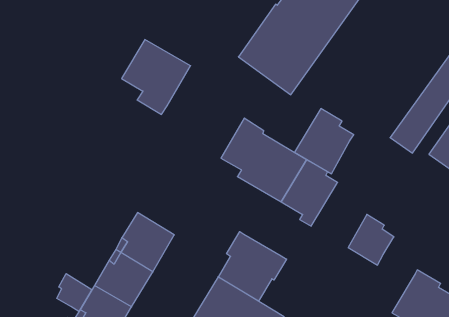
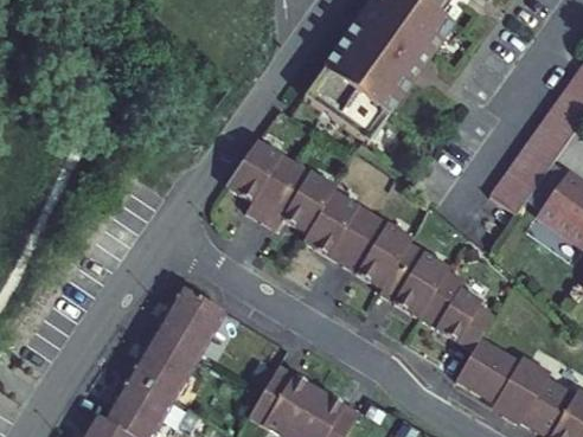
building: [122,40,191,114] -> [226,139,310,230]
building: [295,109,354,174] -> [392,249,465,328]
building: [218,232,287,301] -> none
building: none -> [455,336,519,401]
building: [57,274,92,312] -> none

